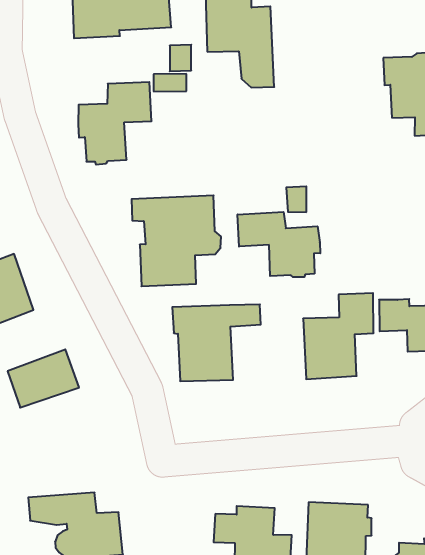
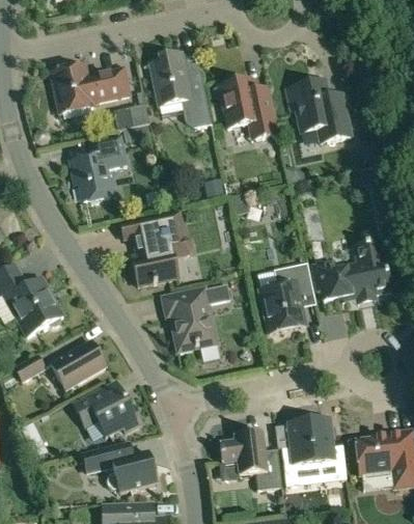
building: none -> [219,79,277,140]
building: [238,212,320,277] -> none
building: none -> [73,382,142,436]

